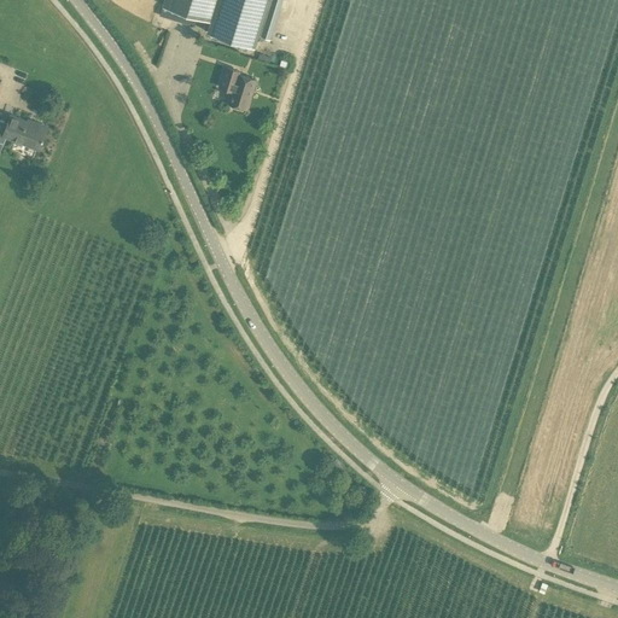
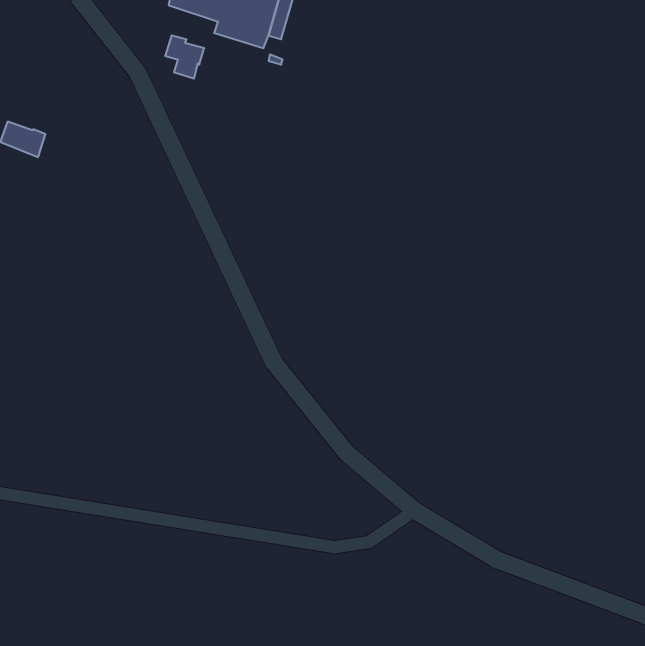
building: [216,68,253,109] -> [165,36,204,79]

